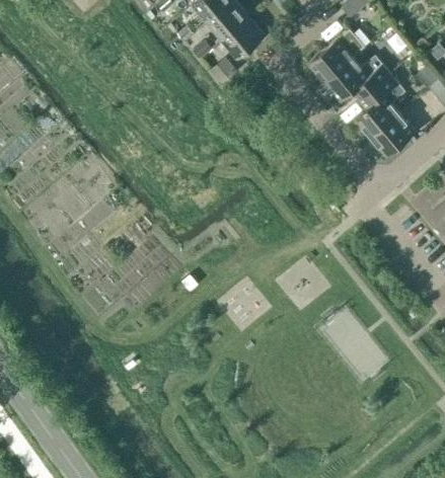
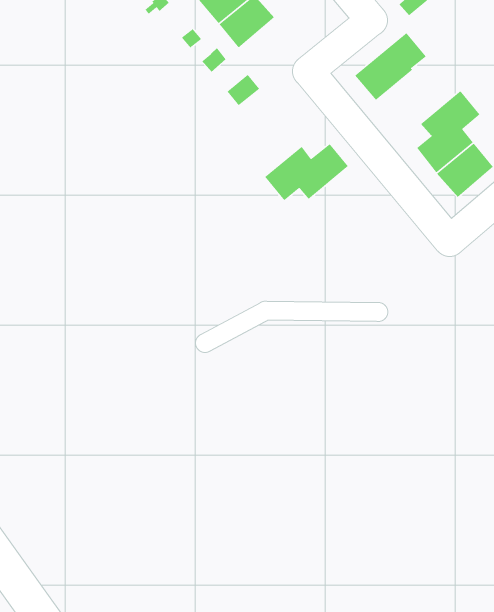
building: [221,18,264,59] -> none
building: [324,56,388,99] -> [264,143,349,201]

